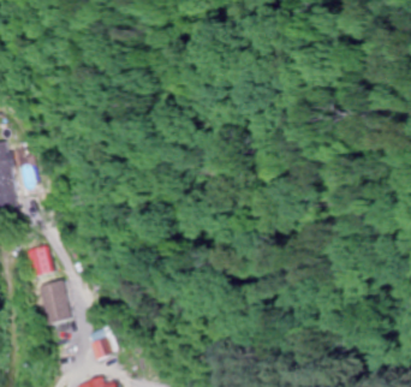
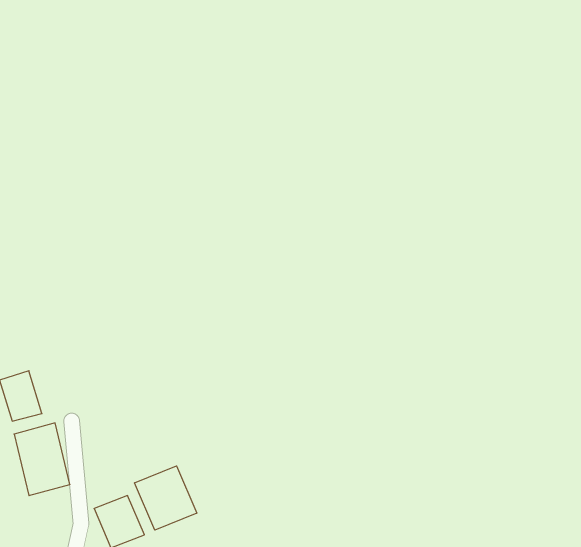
building: none -> [135,466,197,530]

